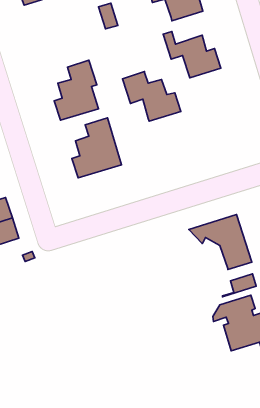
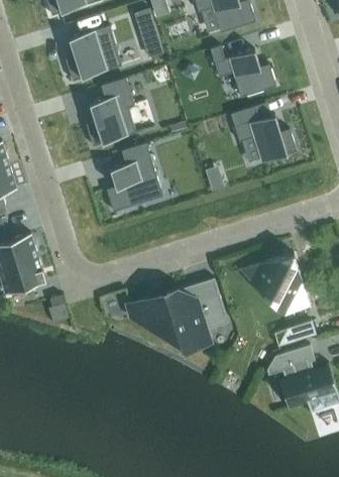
building: none -> [65,26,121,81]
building: [122,72,181,121] -> [230,106,297,162]
building: none -> [129,278,228,346]

